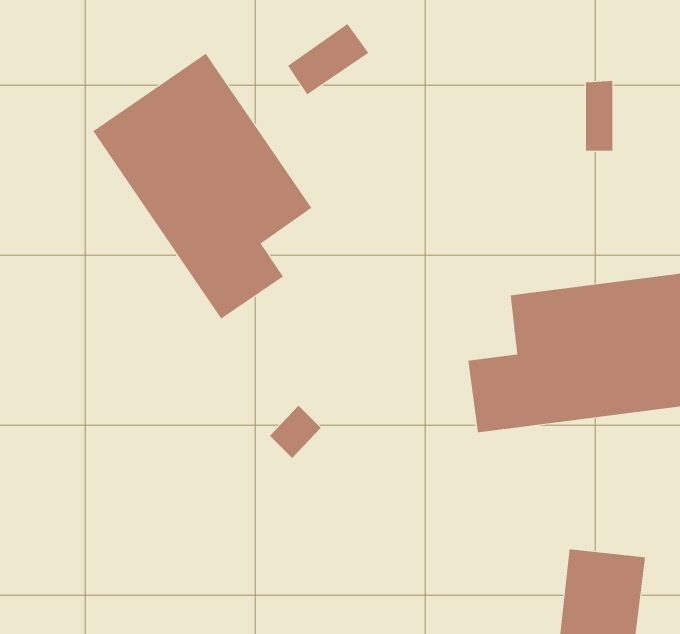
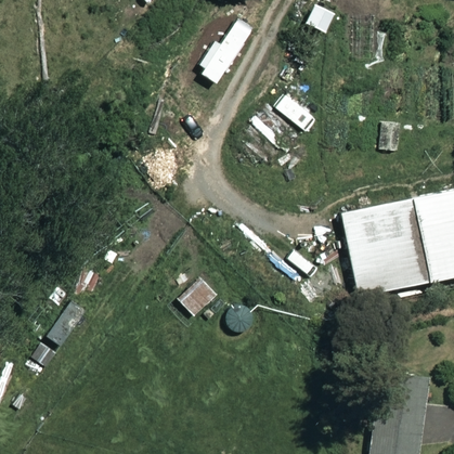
building: [92,53,312,319] -> none

